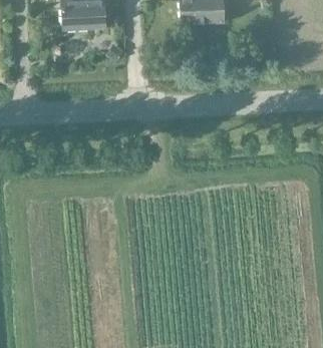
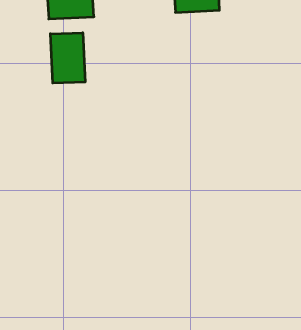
building: none -> [50,33,85,83]

